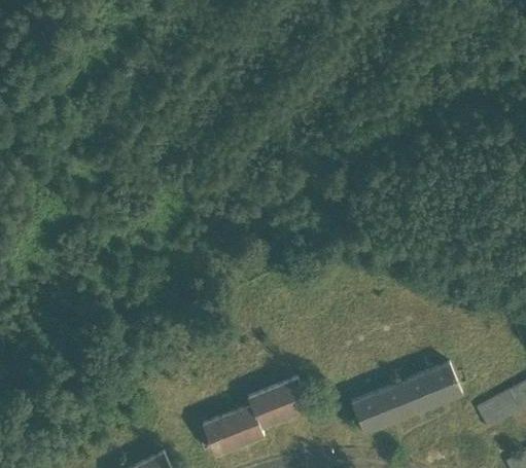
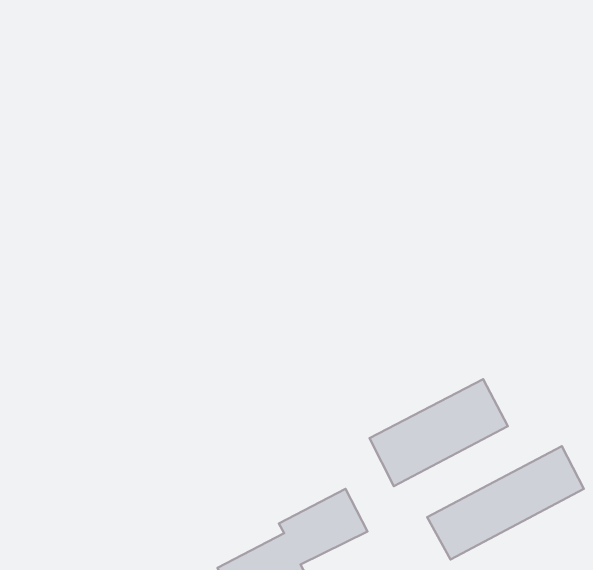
building: none -> [369,379,508,486]

